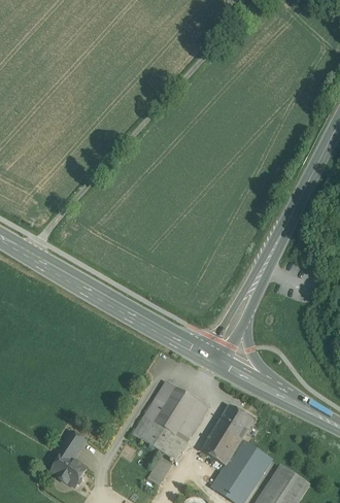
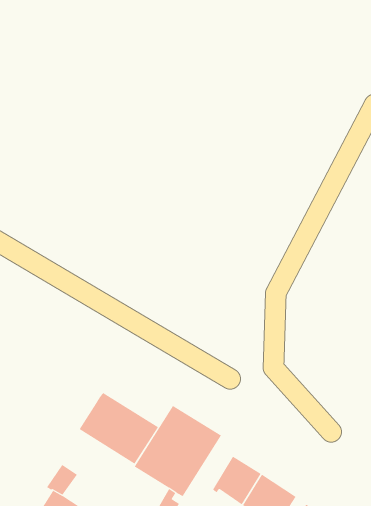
building: none -> [79,392,159,465]
building: [216,404,253,439] -> none

